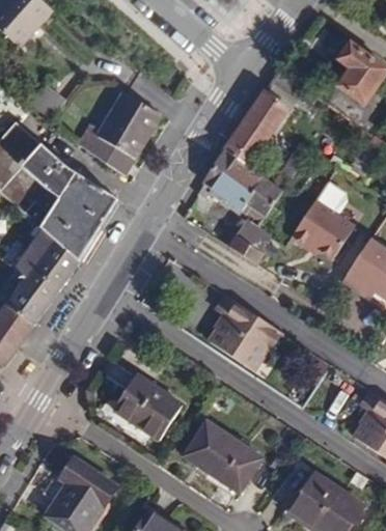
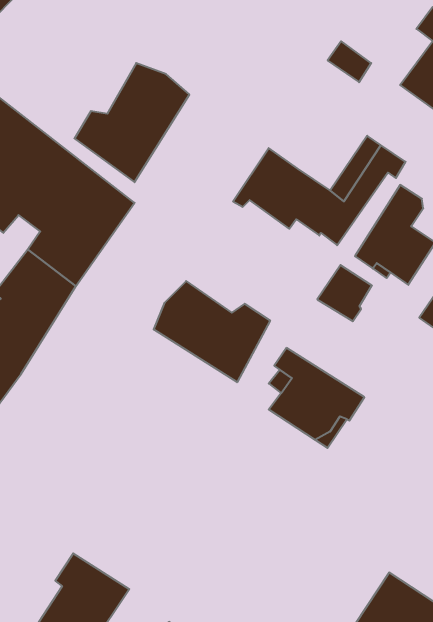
building: [224,93,286,167] -> none
building: [227,220,269,262] -> [317,265,372,321]
building: none -> [154,281,270,382]
building: [114,374,183,440] -> none
building: [183,420,265,494] -> none

